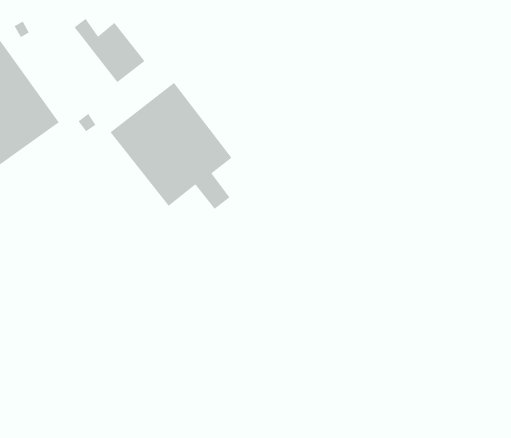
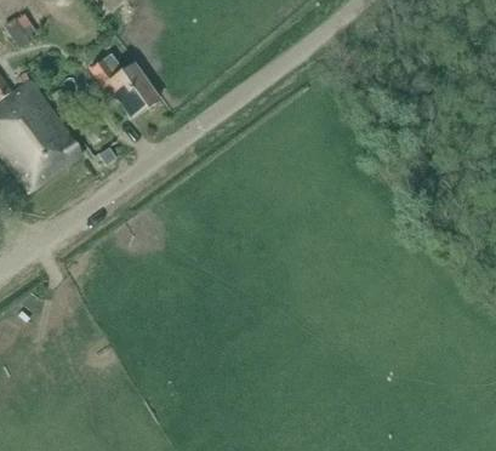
building: [110,82,233,210] -> none

